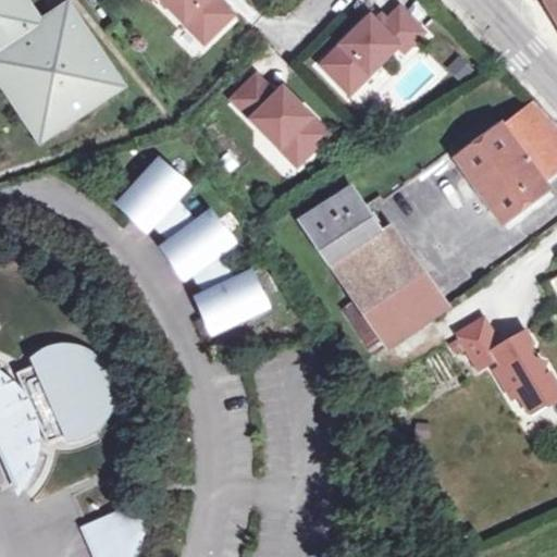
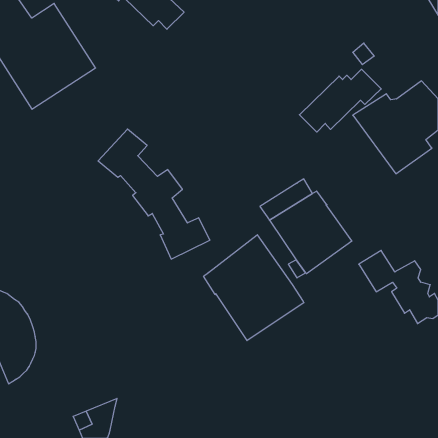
building: [320,8,423,87] -> [299,69,381,132]
building: [231,76,329,157] -> none
building: [300,189,375,261] -> none
building: none -> [204,235,304,341]
building: [18,345,113,442] -> none

